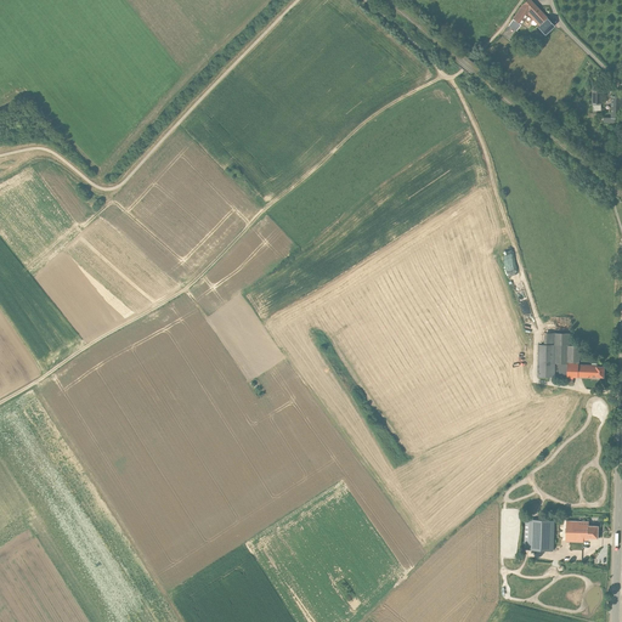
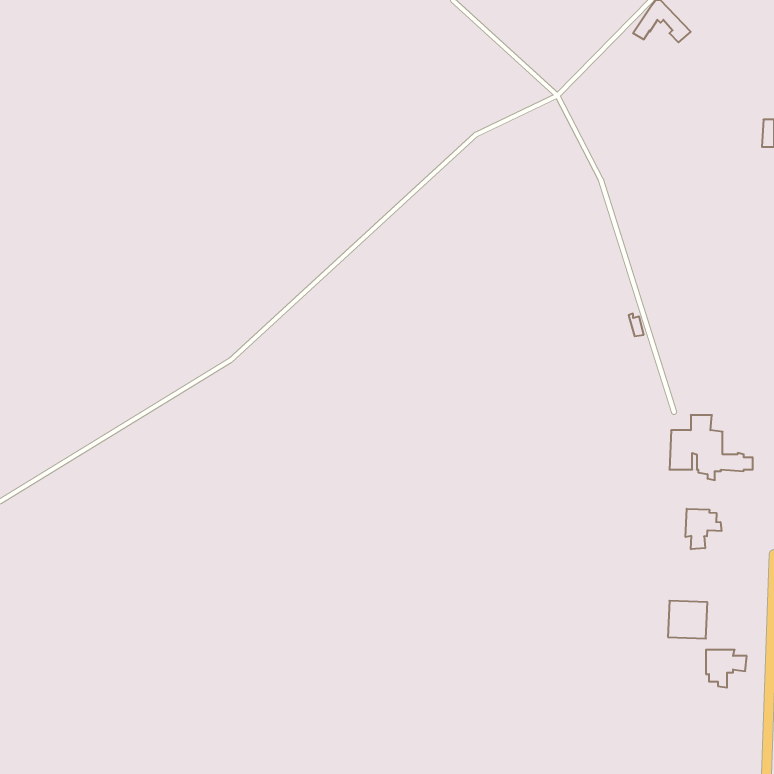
building: none -> [686,509,721,549]
building: [524,520,555,550] -> [668,601,707,639]

